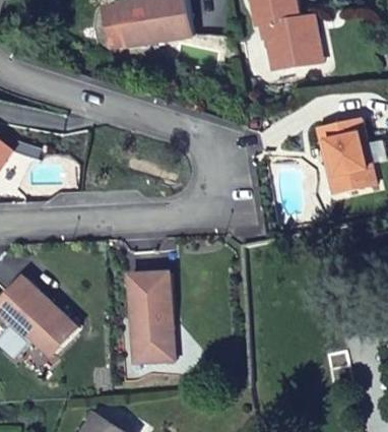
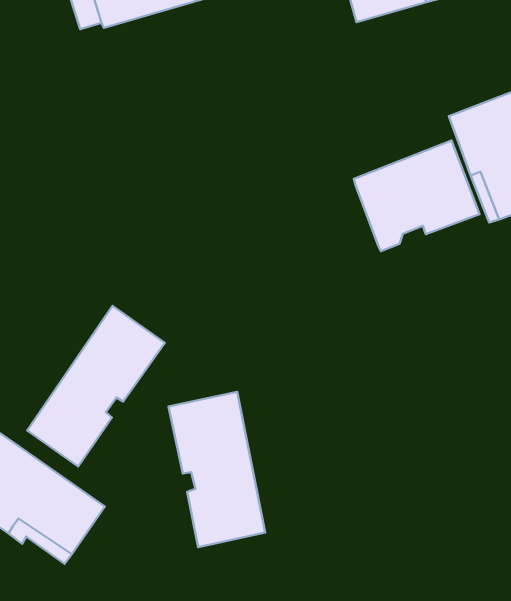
building: none -> [354,140,479,251]
building: none -> [27,306,165,466]

